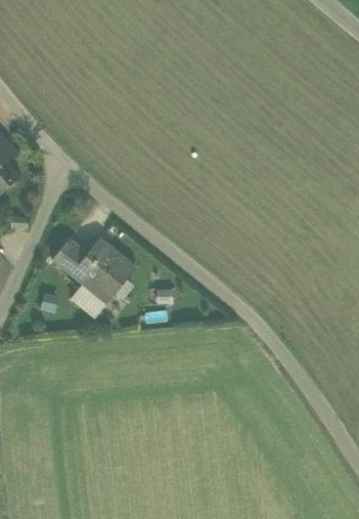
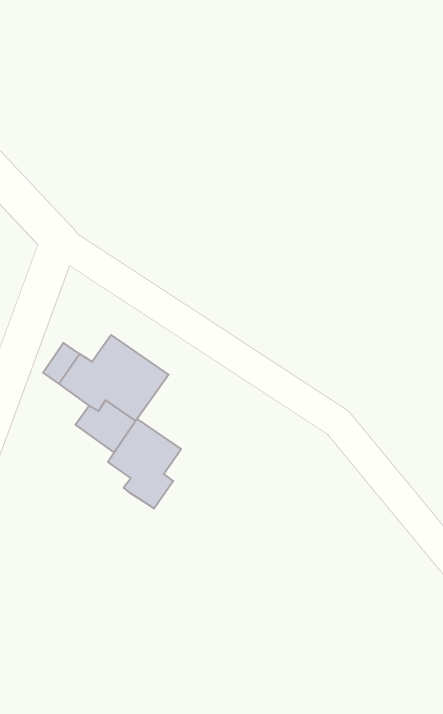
building: none -> [108,419,181,509]

